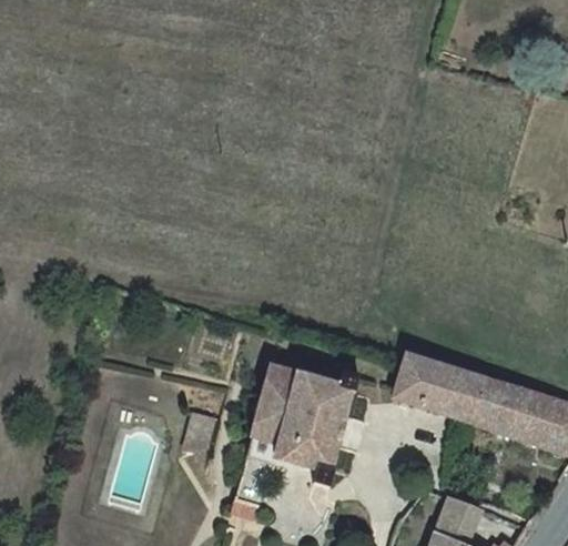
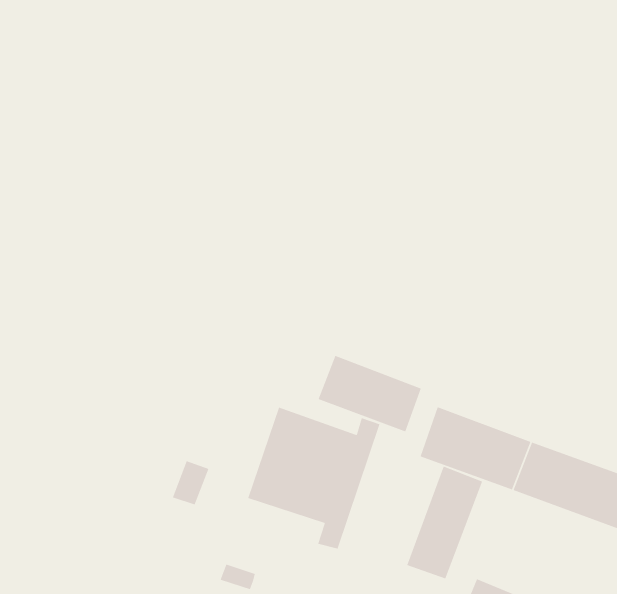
building: none -> [317,355,422,433]
building: none -> [406,465,483,580]

